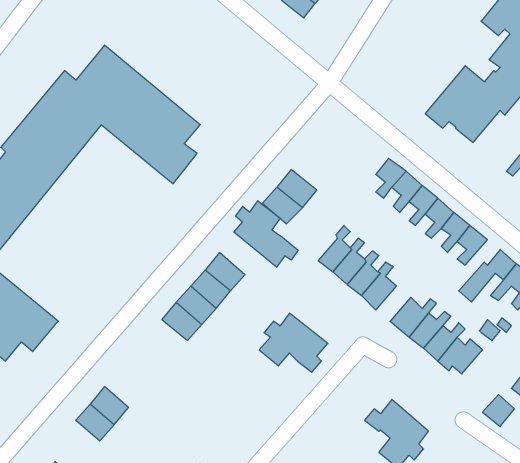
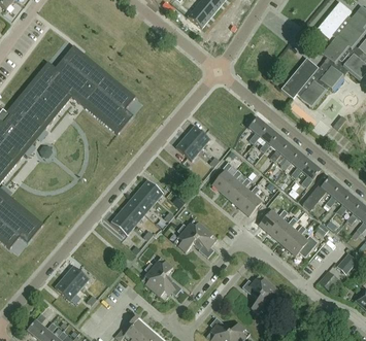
building: [234,201,298,267] -> none
building: none -> [140,257,180,300]

